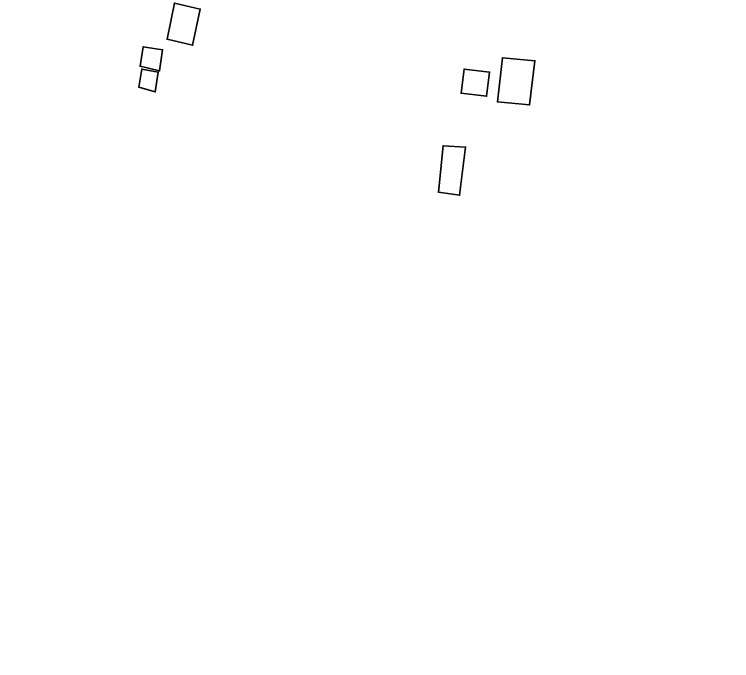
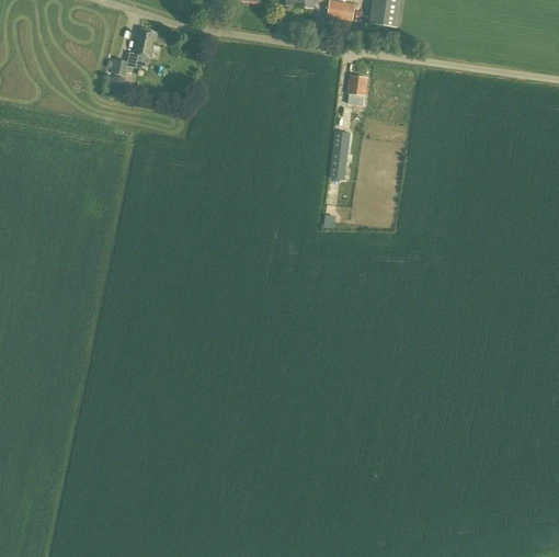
building: [497,58,535,105] -> none

